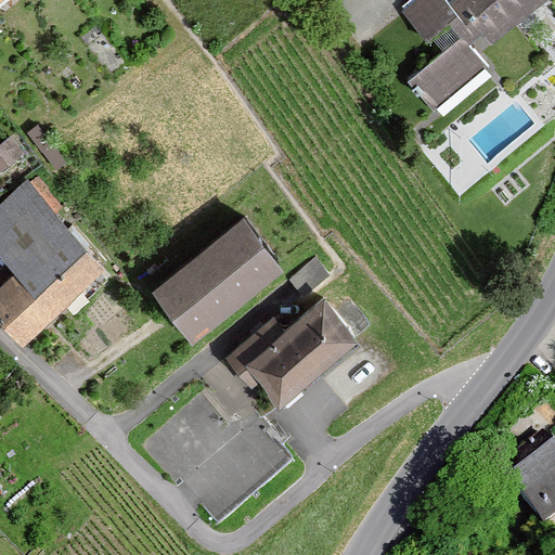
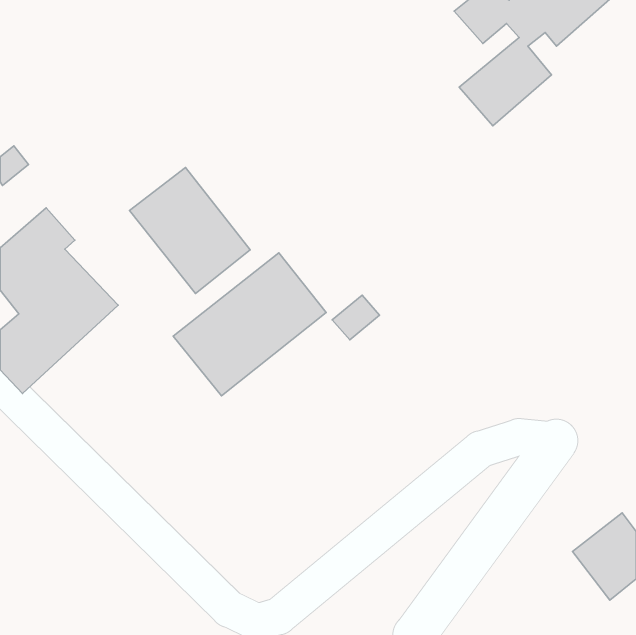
building: none -> [130,167,250,293]
building: [225,299,360,409] -> none

